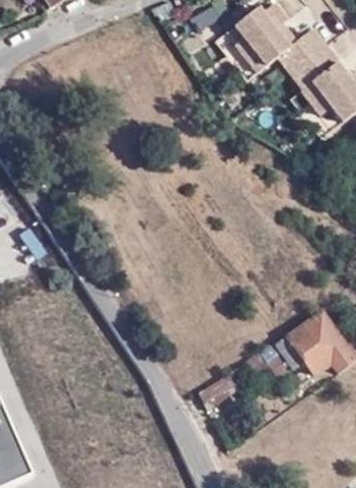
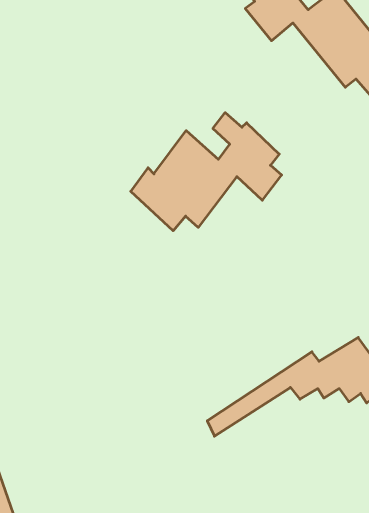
building: none -> [131,113,282,231]

